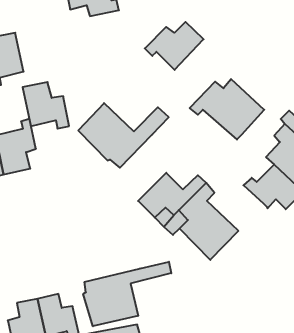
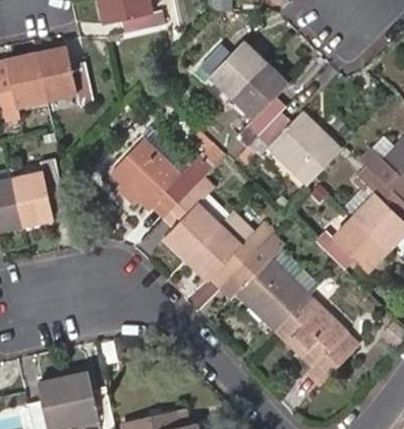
building: none -> [223,61,289,162]
building: [23,82,69,129] -> [36,47,93,104]
building: none -> [164,178,221,259]
building: none -> [275,296,357,385]
building: [83,262,171,326] -> none

